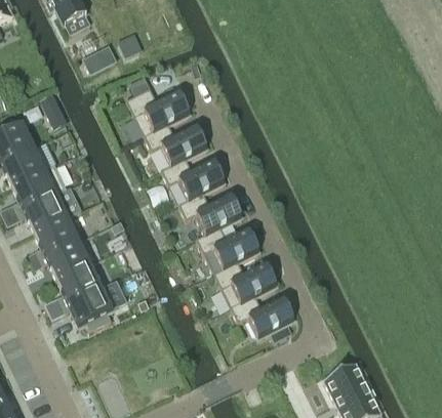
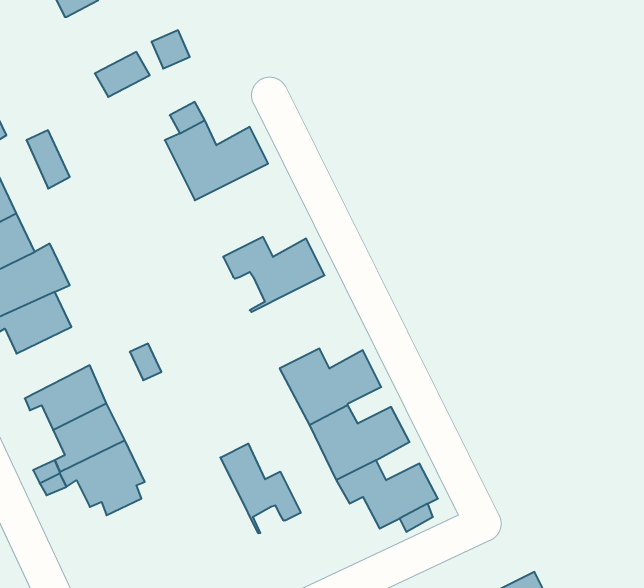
building: [144,123,206,170] -> none
building: [178,192,241,239] -> none
building: [34,213,79,257] -> none
building: none -> [220,444,301,533]

